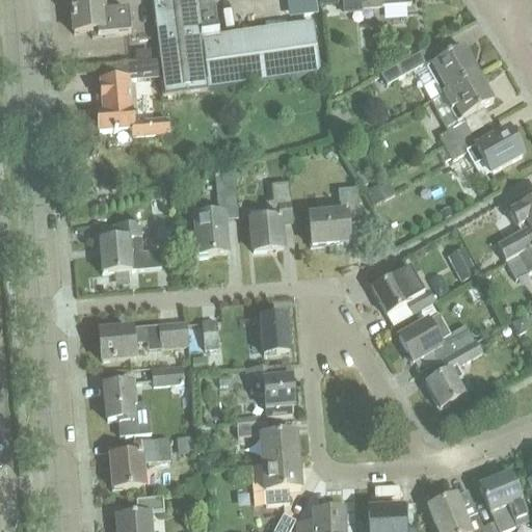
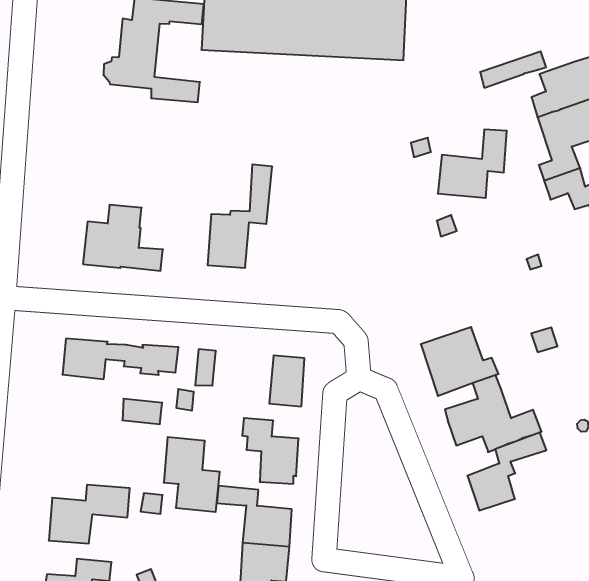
building: [250,181,292,247] -> none
building: [310,185,360,242] -> [438,130,507,198]
building: [103,379,150,434] -> [164,437,220,512]

